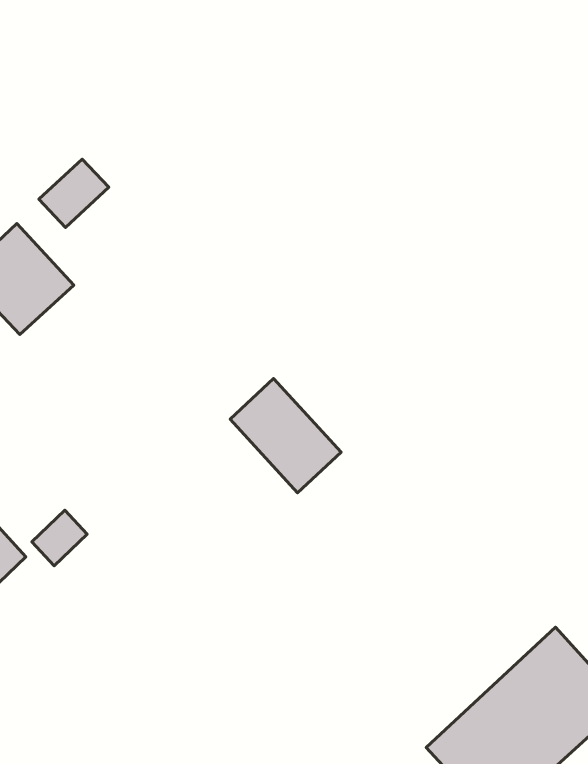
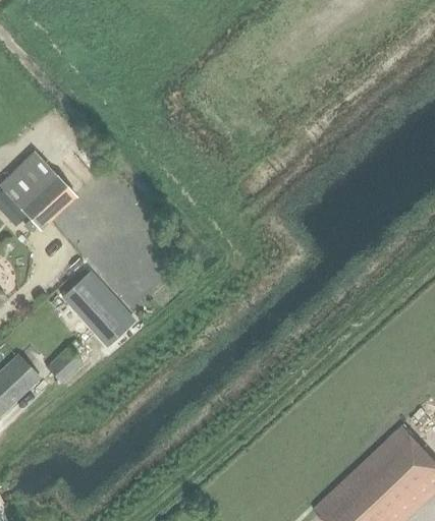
building: [39,159,109,228] -> none
building: [230,379,341,493] -> [62,271,138,348]

